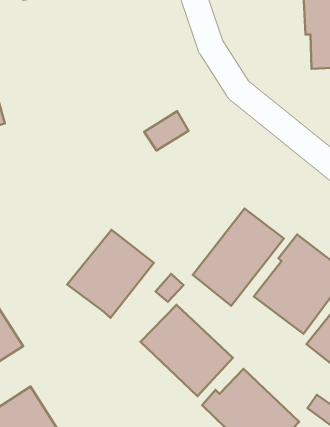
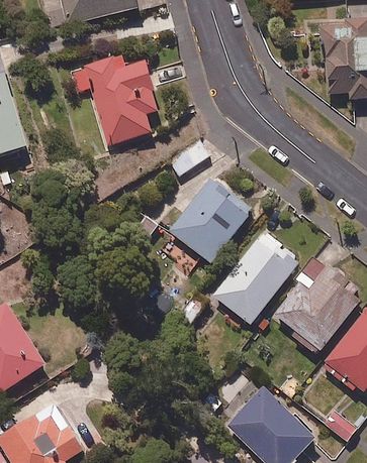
building: none -> [72,54,161,144]
building: [67,230,154,318] -> [168,177,253,262]
building: [140,305,233,396] -> none

